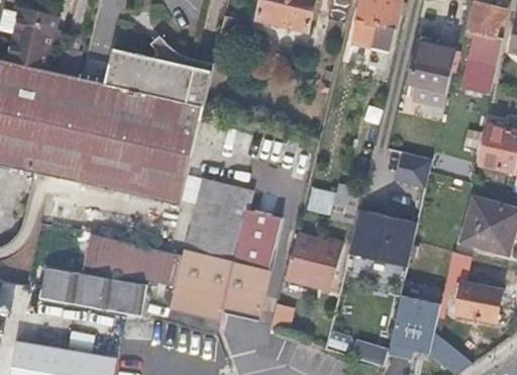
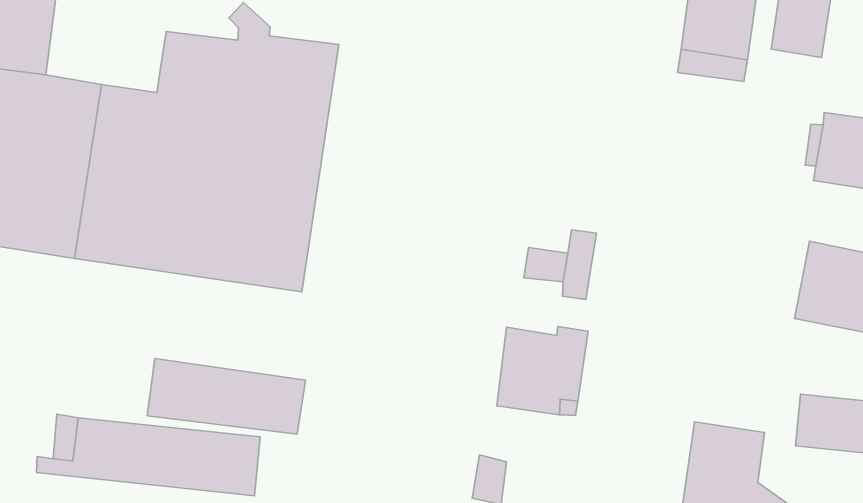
building: [395,152,431,189] -> none
building: [171,178,281,316] -> none
building: [347,209,416,267] -> none

